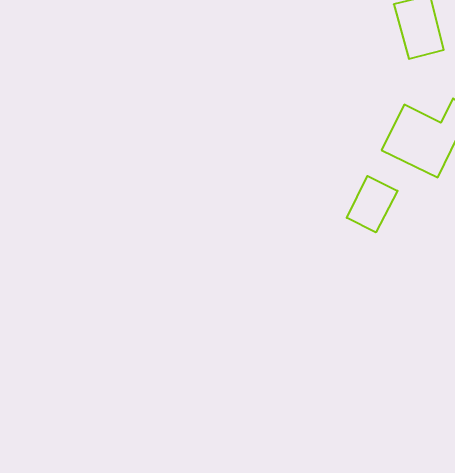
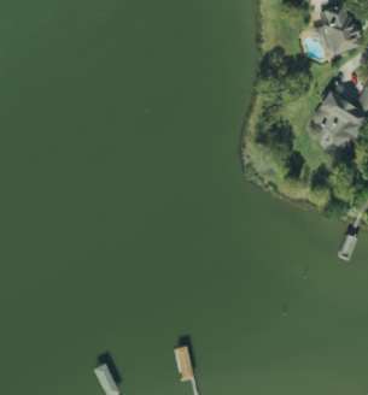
building: [347,176,398,232] -> none

